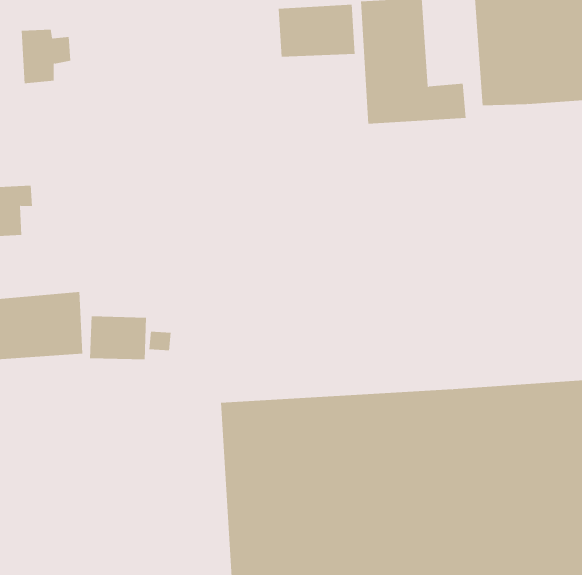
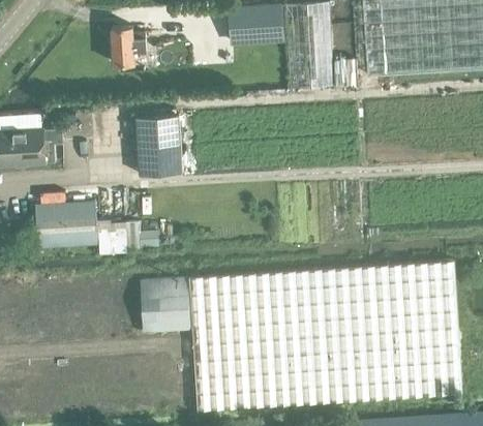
building: [21,29,71,84] -> [113,27,147,64]
building: none -> [134,113,181,173]
building: none -> [140,278,191,334]

